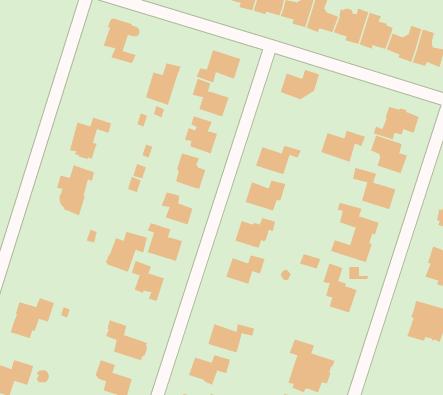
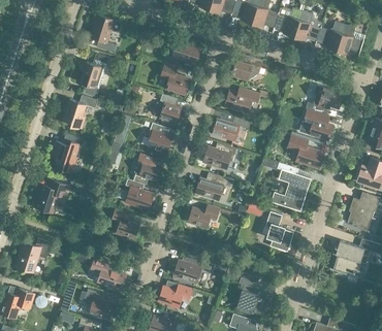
building: [145,63,181,105] -> [81,55,109,89]
building: [320,130,366,162] -> [224,89,260,114]
building: [105,231,148,272] -> [34,180,68,213]

